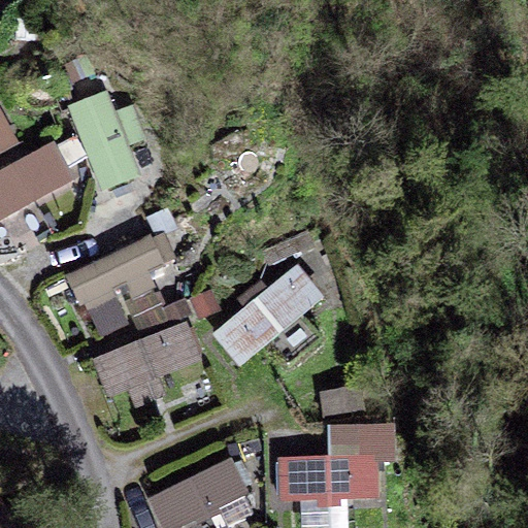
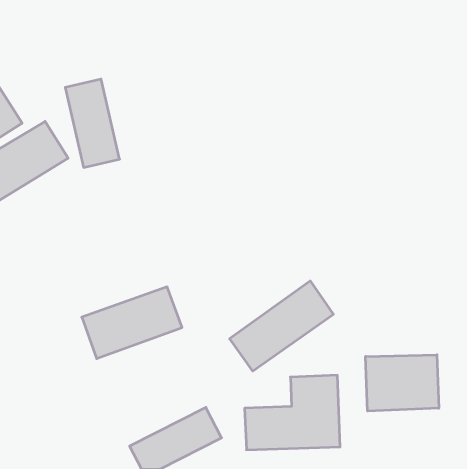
building: [66,232,175,346] -> none
building: [209,263,326,364] -> [230,281,333,371]
building: none -> [366,355,439,411]

